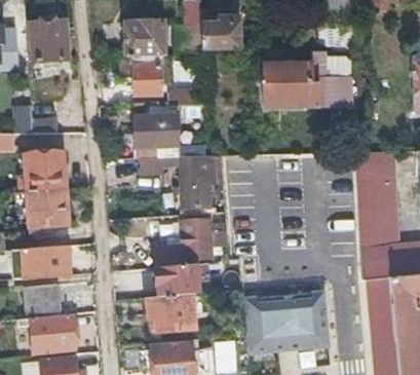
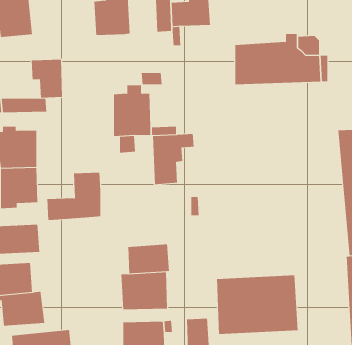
building: [123,57,155,96] -> [31,59,63,98]
building: [153,220,207,268] -> [47,172,101,221]

